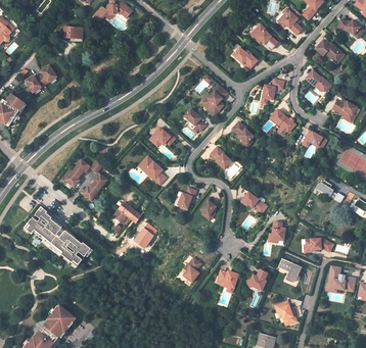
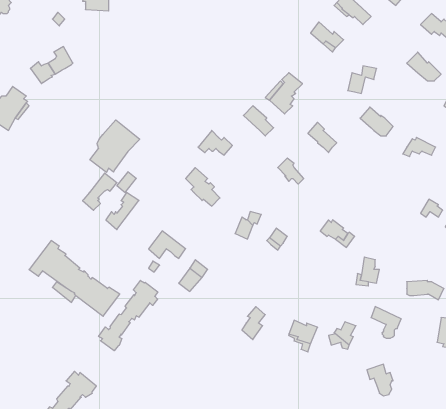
building: none -> [90,120,140,172]
building: none -> [99,280,158,351]

